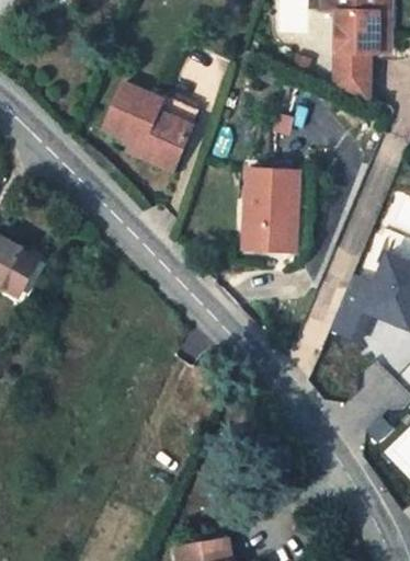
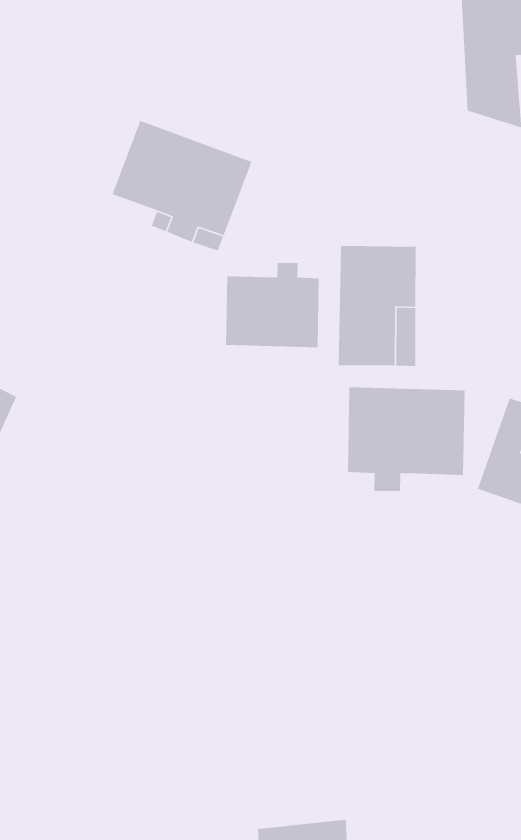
building: none -> [225,262,320,348]
building: none -> [347,387,465,492]

